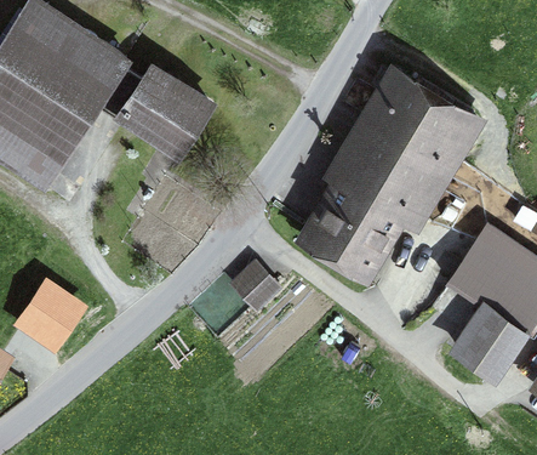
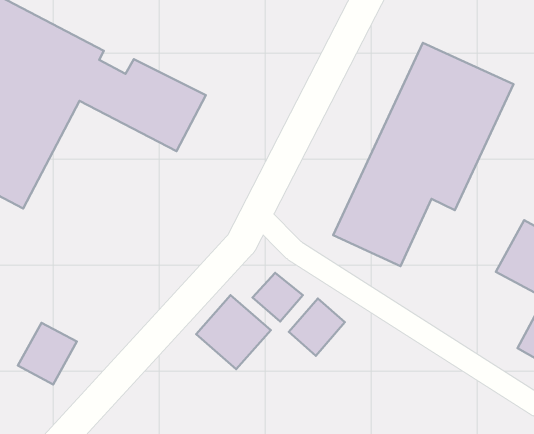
building: none -> [196,295,271,369]
building: none -> [289,298,345,356]

